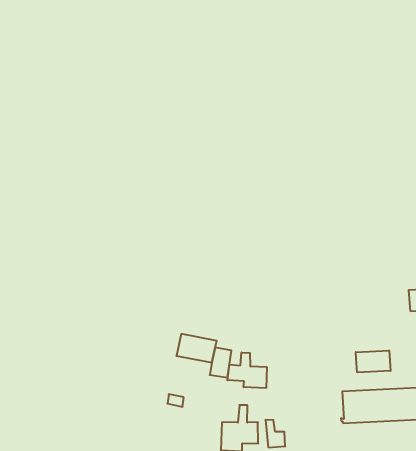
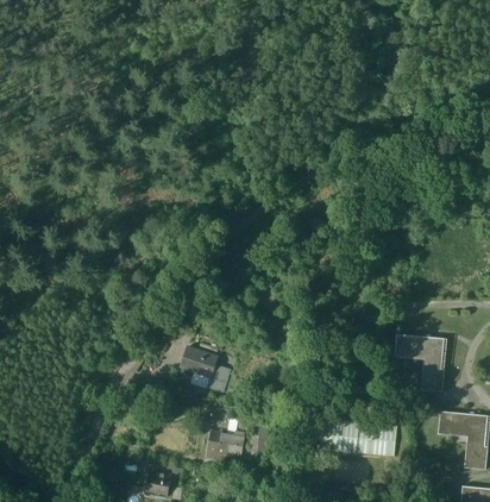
building: [356,350,391,372] -> none
building: [227,352,267,388] -> none

